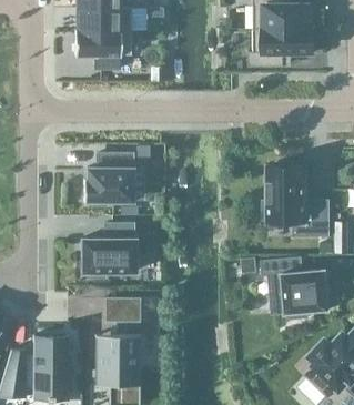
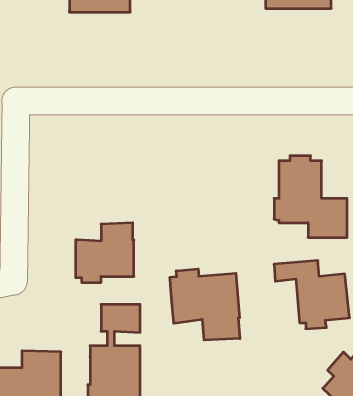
building: [250,27,315,65] -> none
building: [75,29,132,69] -> none
building: [84,152,133,205] -> none
building: none -> [170,269,240,340]

